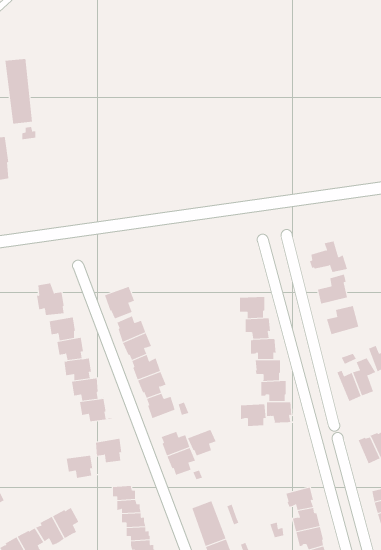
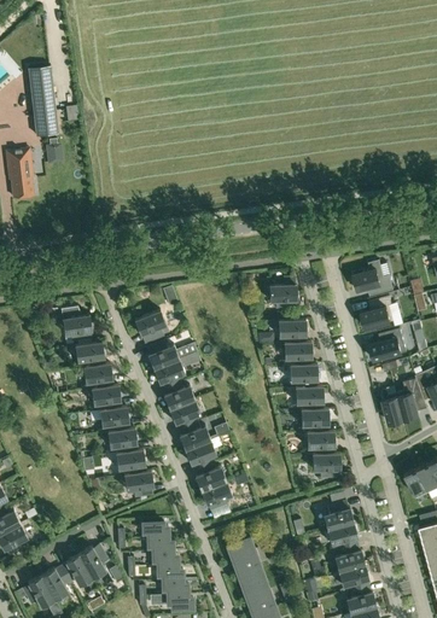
building: none -> [269,278,297,308]
building: [240,404,266,427] -> [313,454,340,478]
building: [187,429,217,456] -> [185,441,216,470]
building: [66,455,99,479] -> [116,450,151,476]
building: none -> [322,501,354,530]

